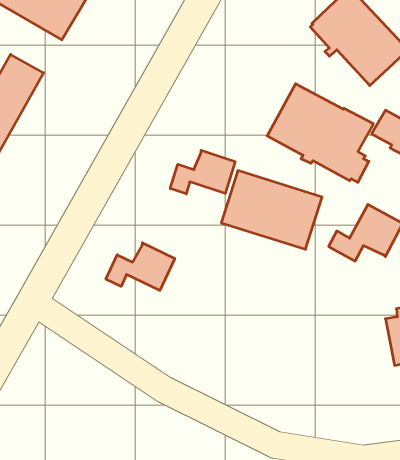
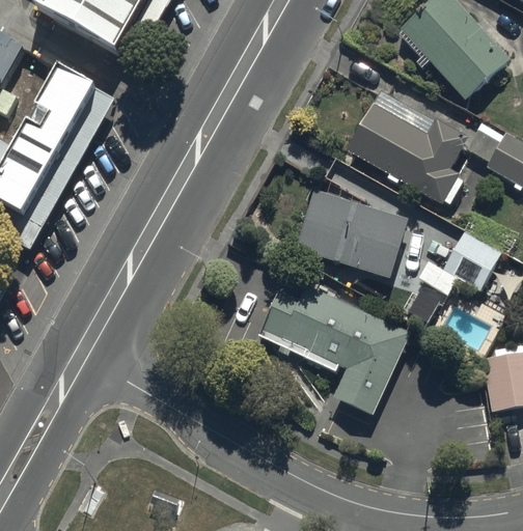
building: [170,150,235,194] -> none
building: [106,243,175,290] -> none
building: none -> [259,280,411,411]

